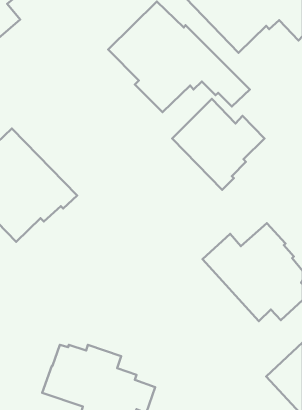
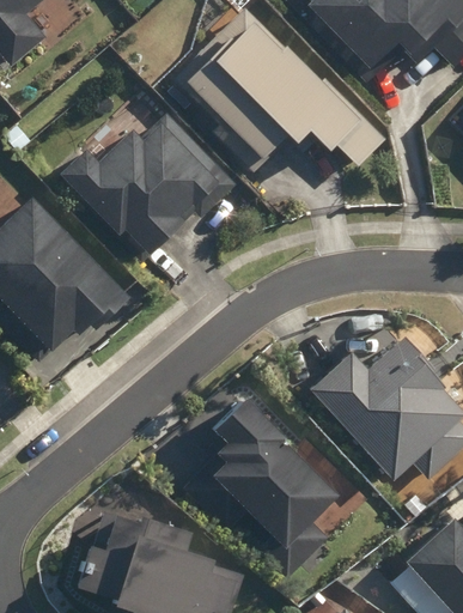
building: none -> [61,114,233,254]
building: [172,99,265,190] -> none
building: none -> [183,400,339,579]

